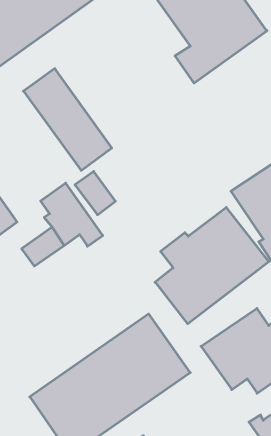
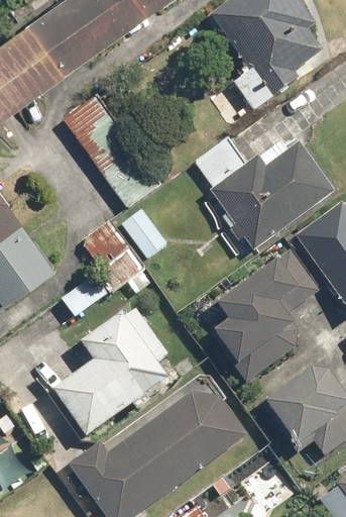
building: none -> [194,140,334,261]
building: none -> [52,305,171,436]

